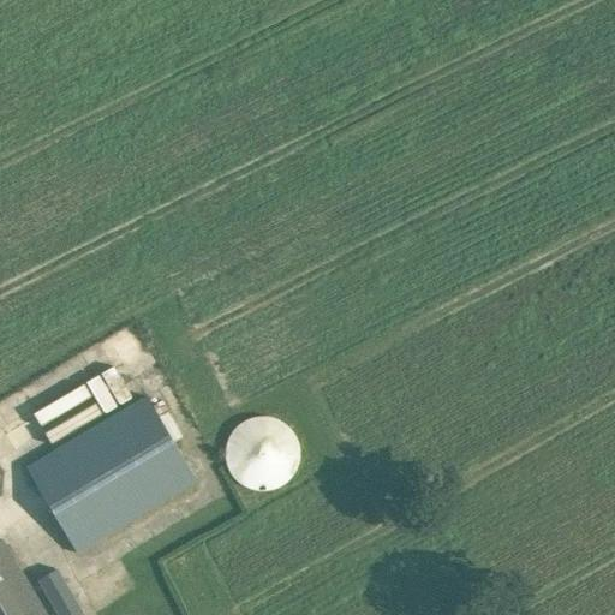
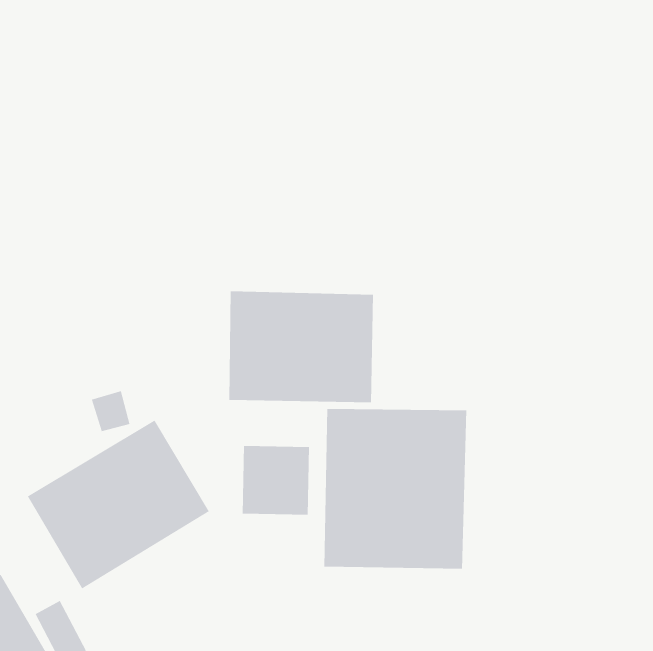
building: none -> [229,290,374,403]
building: none -> [324,408,467,569]

